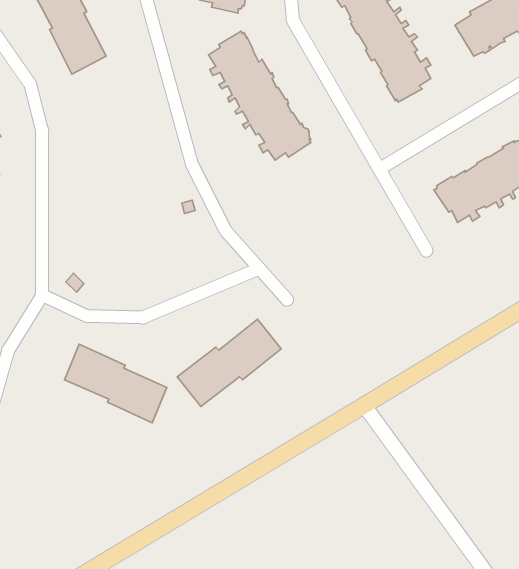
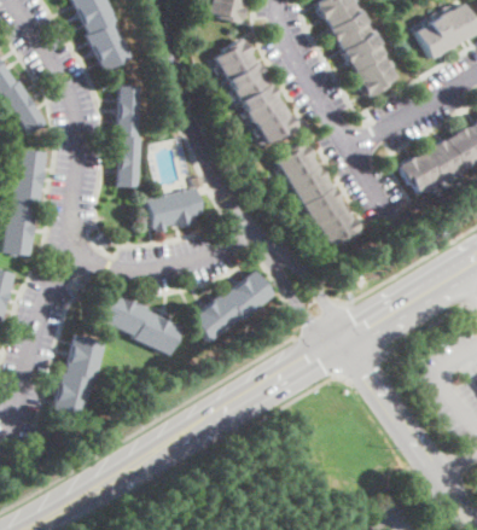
building: none -> [117,87,141,188]
building: none -> [279,141,362,246]
building: none -> [149,188,205,234]
building: none -> [53,336,105,420]

